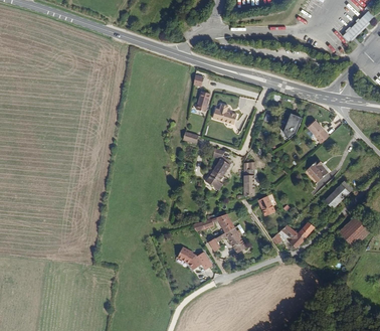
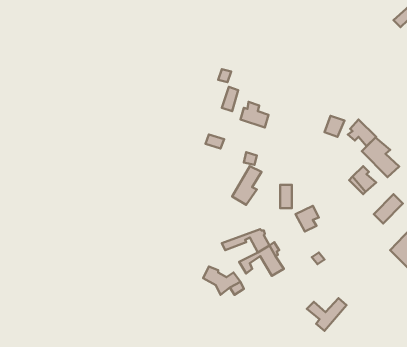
building: none -> [362,138,399,177]
building: [282,220,317,249] -> [307,298,347,331]

